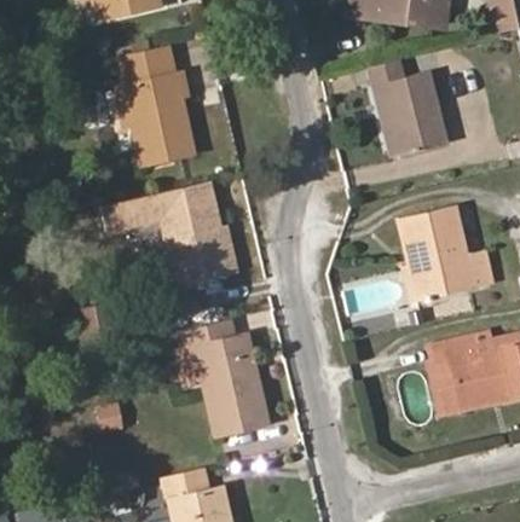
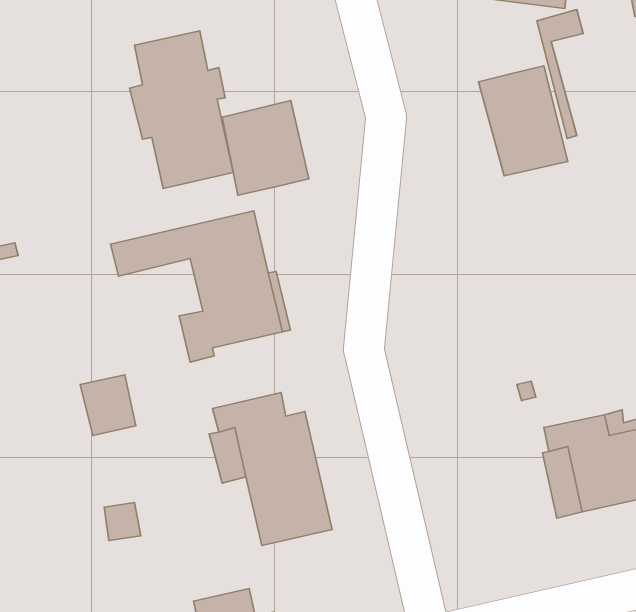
building: [370,59,405,157] -> [537,10,583,139]
building: none -> [222,100,309,195]
building: [399,205,493,301] -> none

